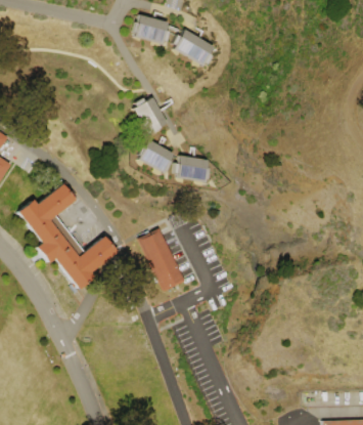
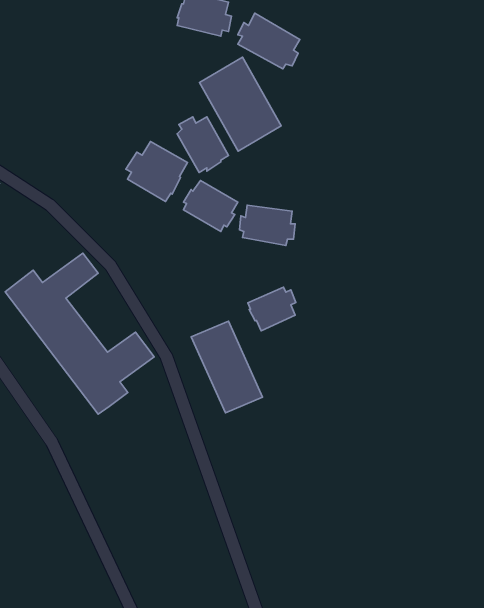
building: none -> [200,57,281,151]
building: none -> [126,141,188,202]
building: none -> [248,287,296,331]

